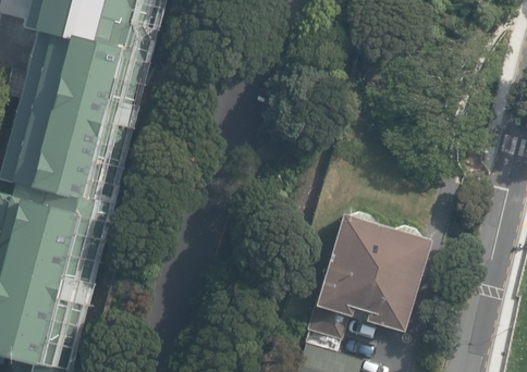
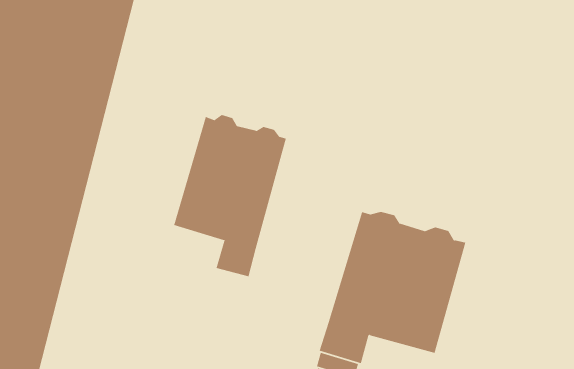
building: none -> [174,114,286,277]

